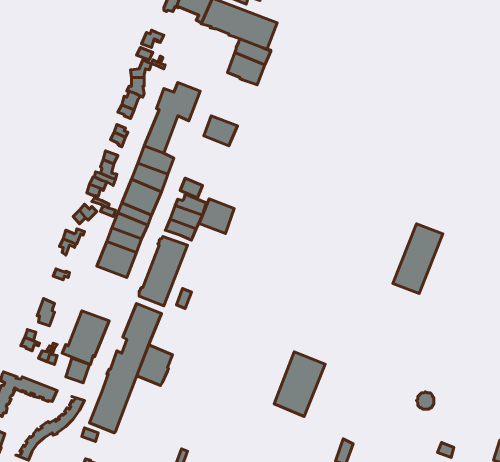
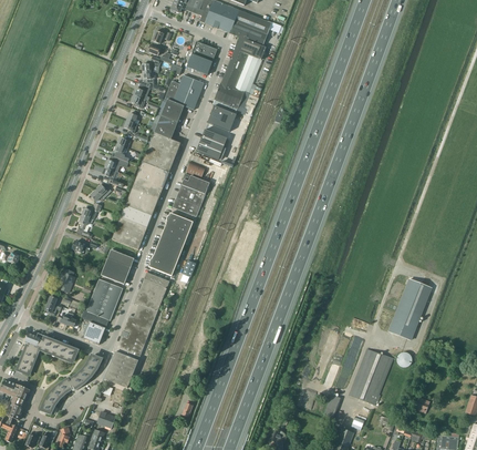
building: none -> [187,44,218,76]
building: none -> [212,67,255,113]
building: [199,199,234,233] -> [196,129,227,160]
building: [393,224,443,293] -> [387,278,432,340]
building: none -> [101,249,134,284]
building: [137,345,172,386] -> none
building: [274,352,325,416] -> [349,348,394,406]

